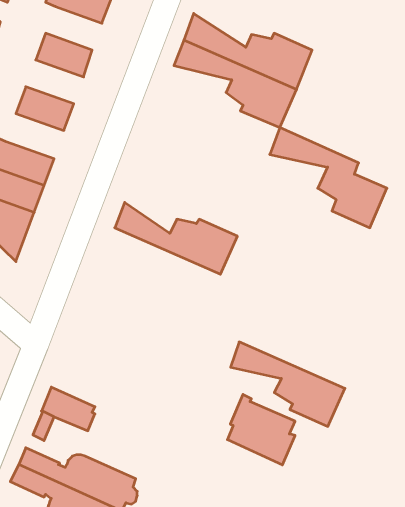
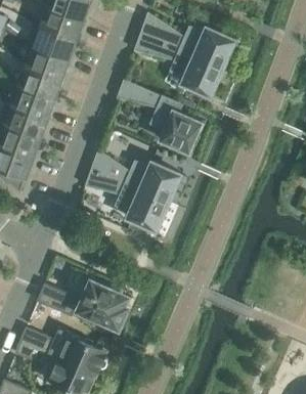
building: none -> [41,7,82,39]
building: none -> [27,46,69,78]
building: none -> [12,85,54,118]
building: [270,128,387,228] -> [117,79,202,151]
building: [231,342,345,426] -> [85,168,168,229]
building: [227,394,295,465] -> [79,276,128,327]

